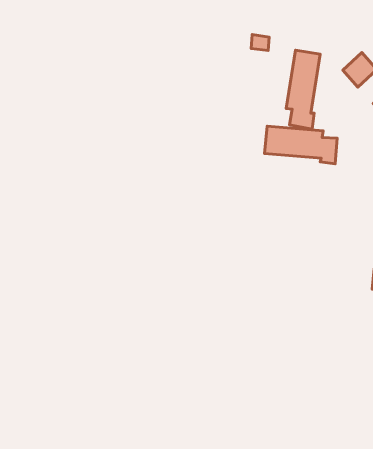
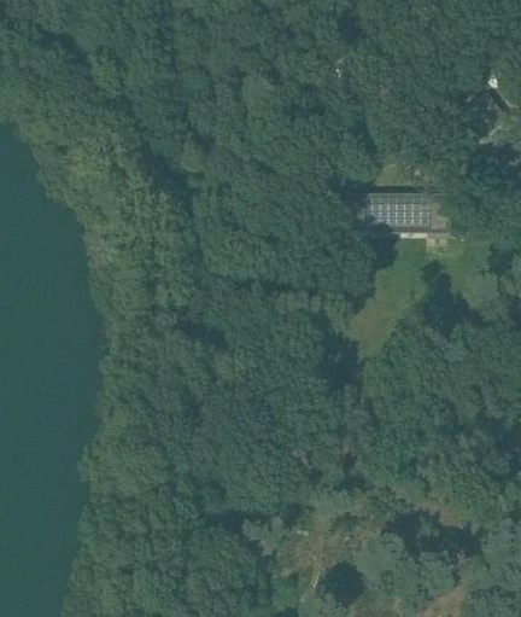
building: [286,50,320,129] -> none

